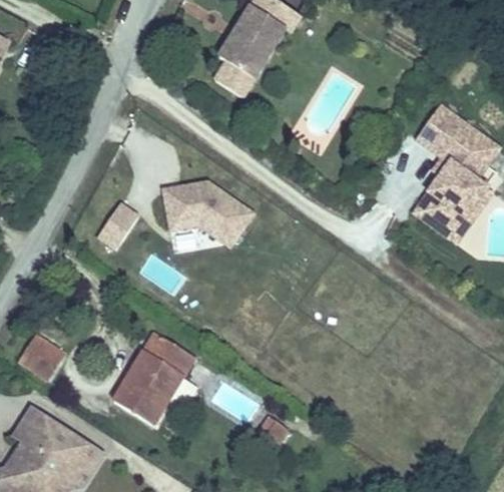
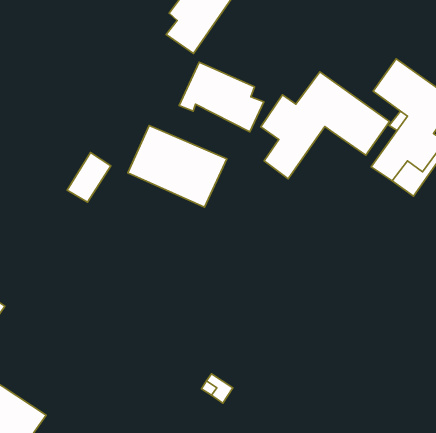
building: none -> [179,62,264,132]
building: none -> [261,72,390,179]
building: [104,333,182,422] -> none

